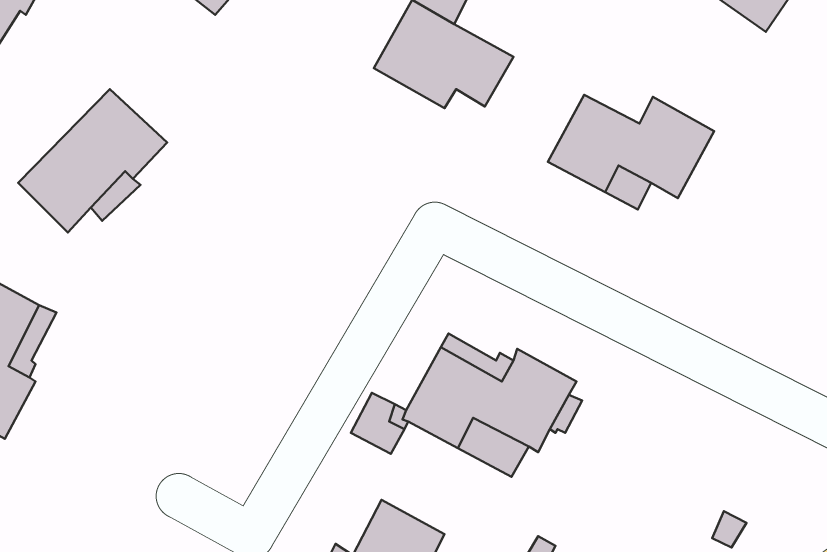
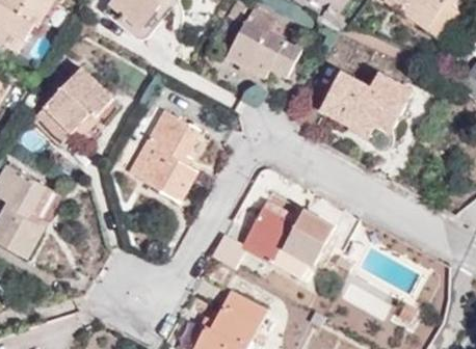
building: none -> [130,110,200,202]

